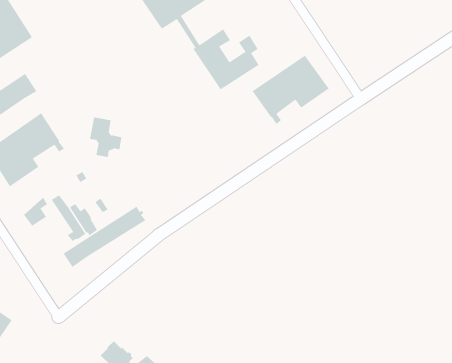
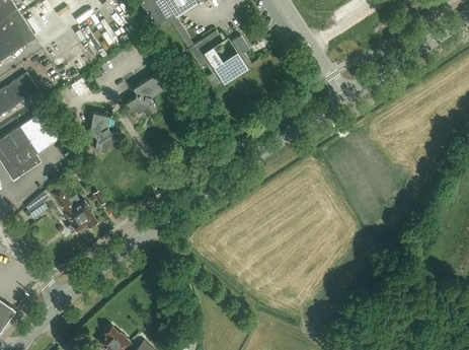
building: [252,55,329,125] -> none
building: none -> [126,71,168,117]
building: [63,206,146,268] -> none

